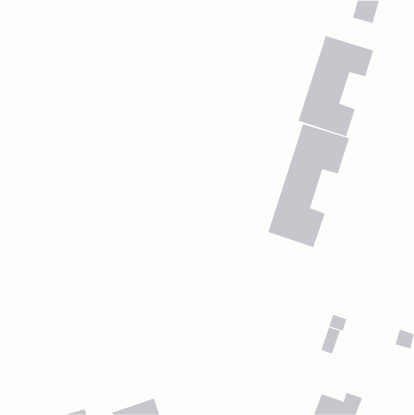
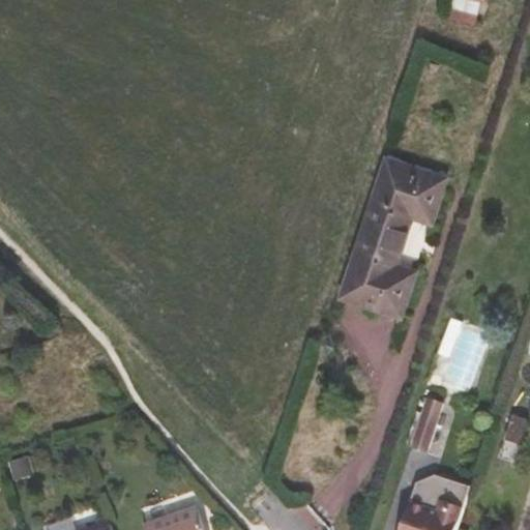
building: [298,35,374,137] -> none
building: none -> [409,472,469,511]

